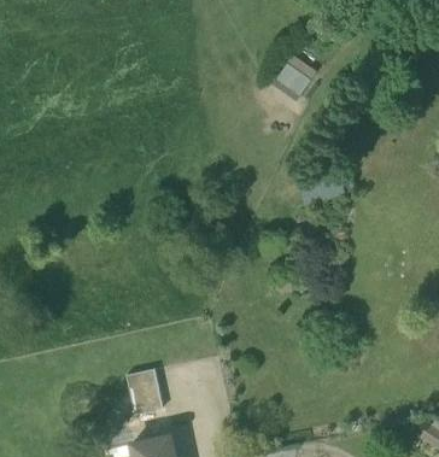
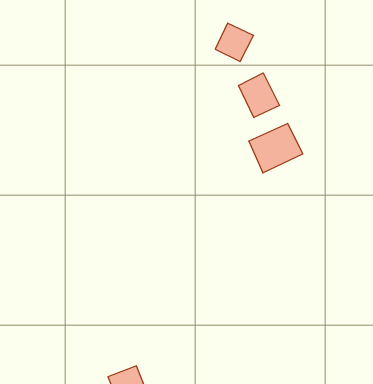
building: none -> [239,73,280,118]

